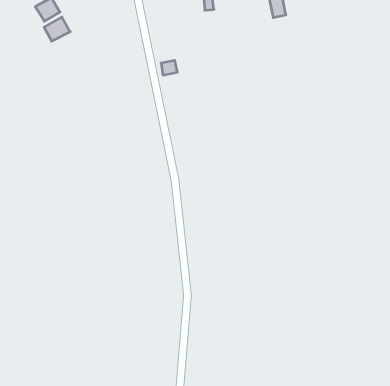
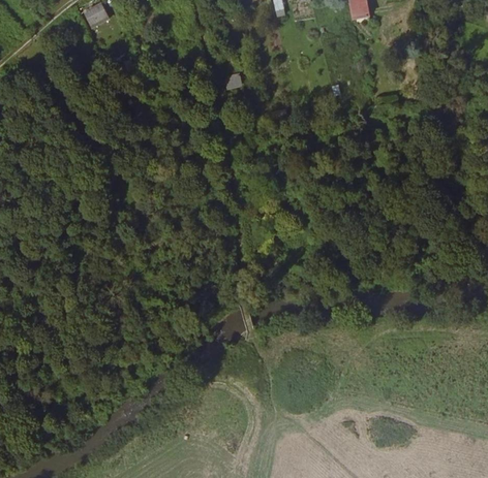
building: [44,17,70,41] -> none

